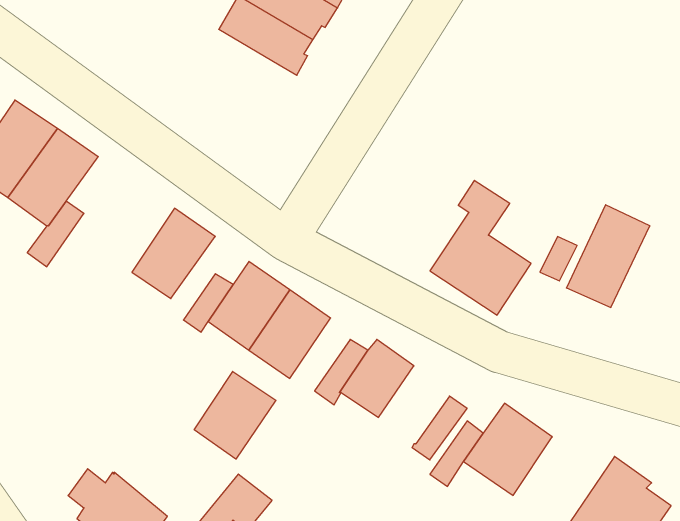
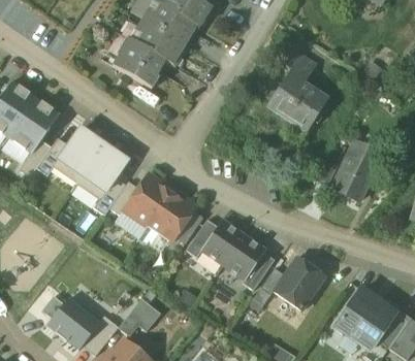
building: none -> [113,38,165,89]
building: [430,180,531,315] -> [268,52,327,130]
building: none -> [56,128,104,180]
building: none -> [223,235,266,281]
building: [194,371,276,459] -> none

